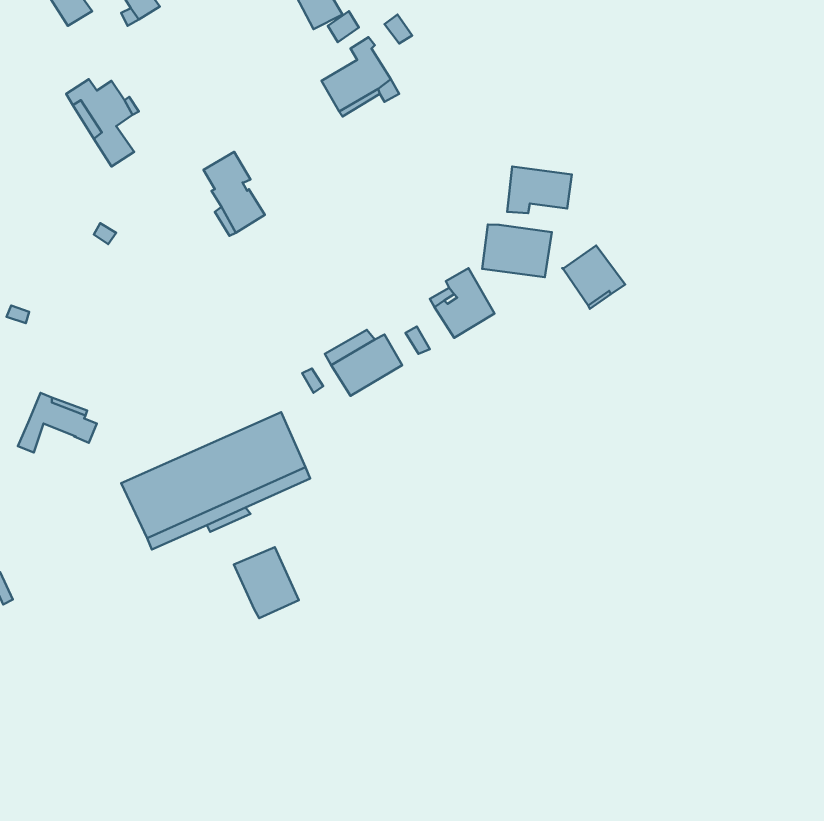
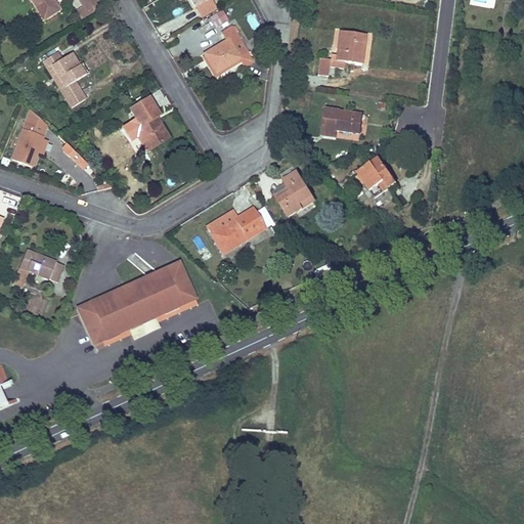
building: none -> [317,29,365,74]
building: none -> [10,112,49,167]
building: [482,224,552,277] -> none
building: [234,547,299,618] -> none

